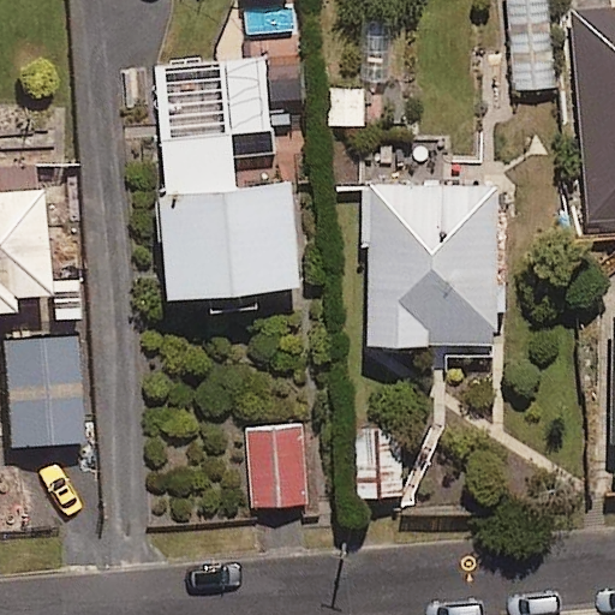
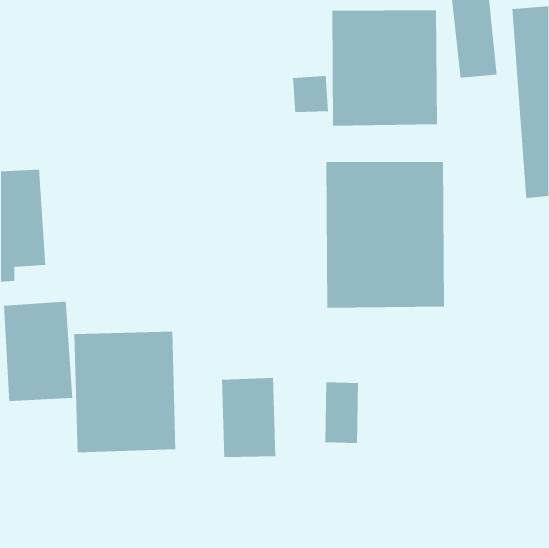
building: none -> [331,10,438,126]
building: [156,58,300,300] -> none
building: none -> [73,331,176,453]

